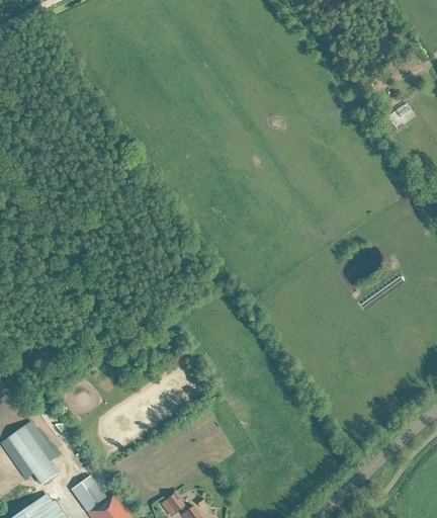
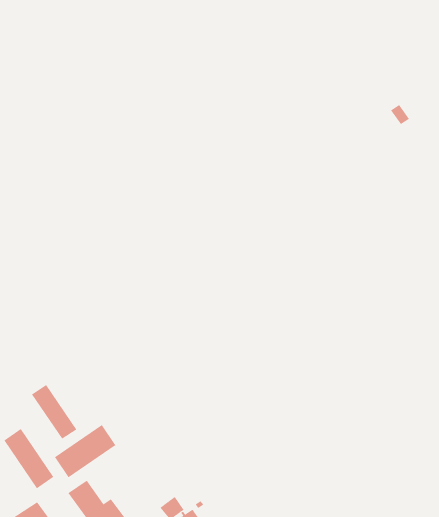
building: none -> [31,384,77,440]
building: none -> [54,424,116,478]

